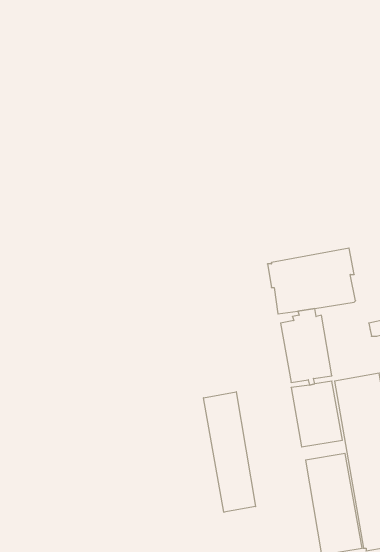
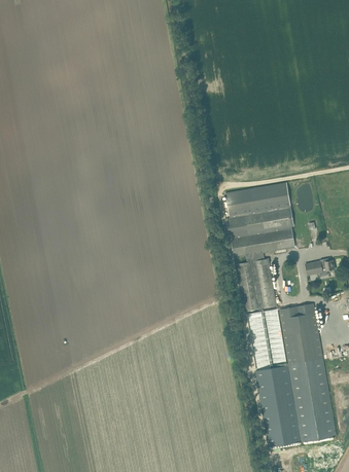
building: none -> [223,182,290,217]
building: [204,392,256,512] -> none

